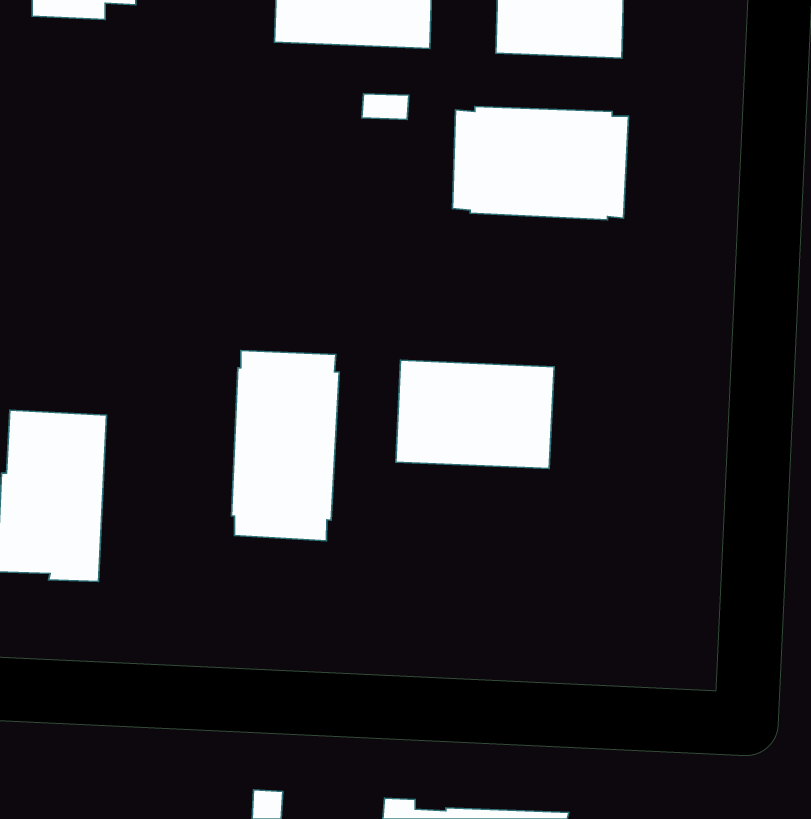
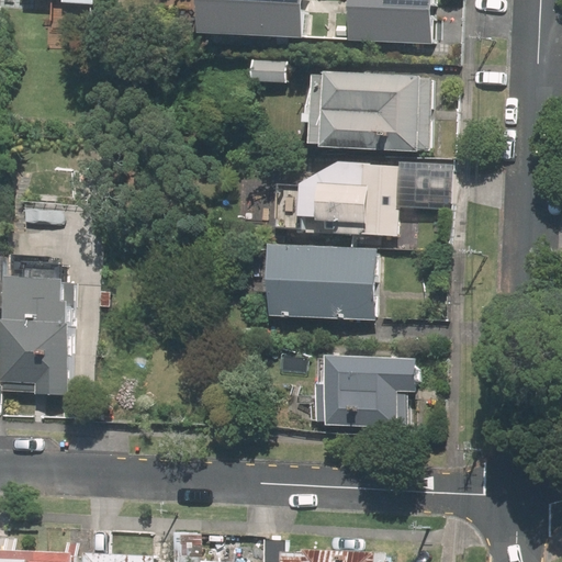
building: none -> [297,160,446,234]
building: [232,350,339,541] -> none
building: none -> [317,357,419,426]

